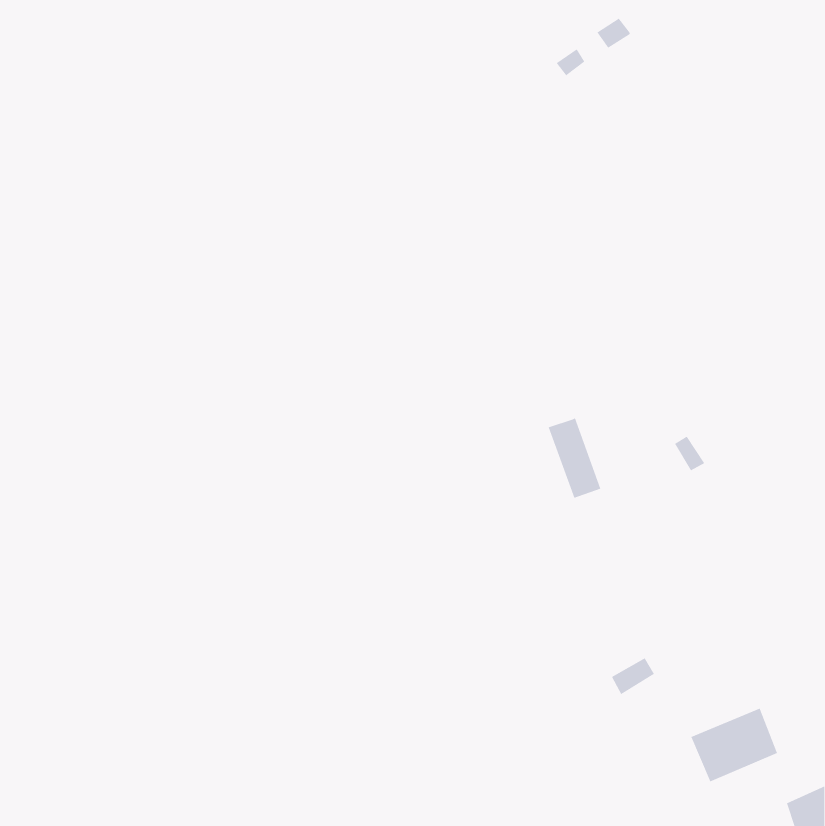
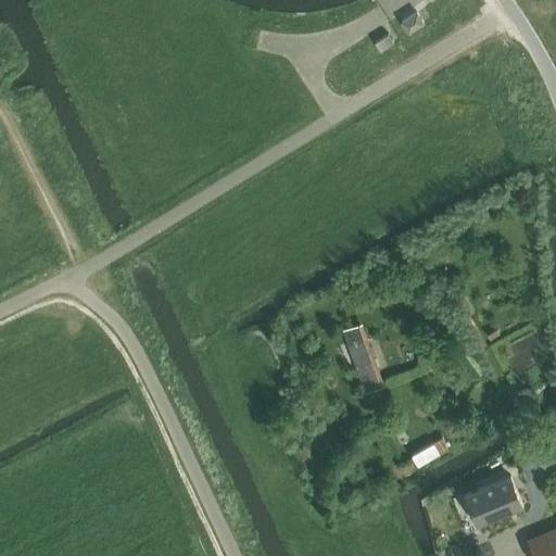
building: [548,417,601,498] -> [346,338,382,392]

